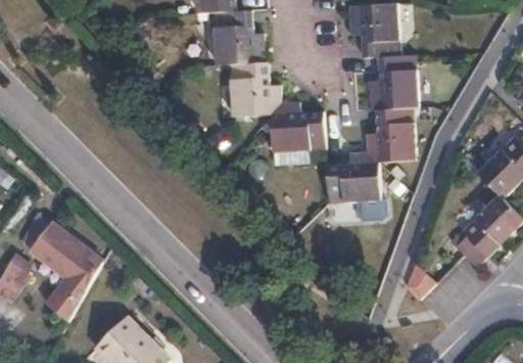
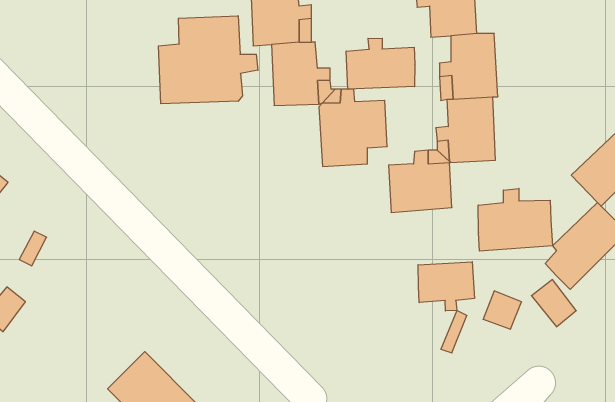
building: none -> [159,16,258,104]
building: none -> [346,38,415,89]
building: none -> [478,188,553,251]
building: [33,226,101,323] -> none
building: none -> [418,262,474,311]

